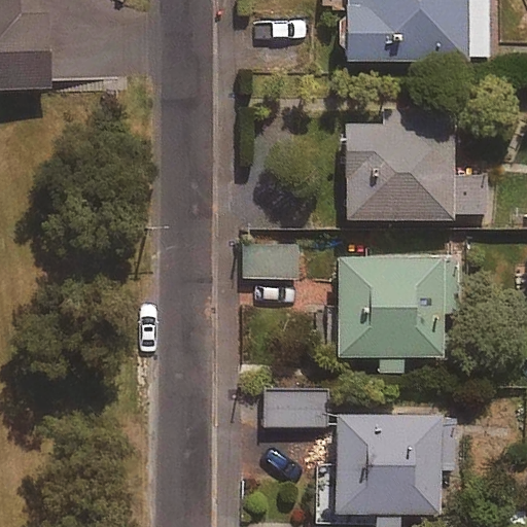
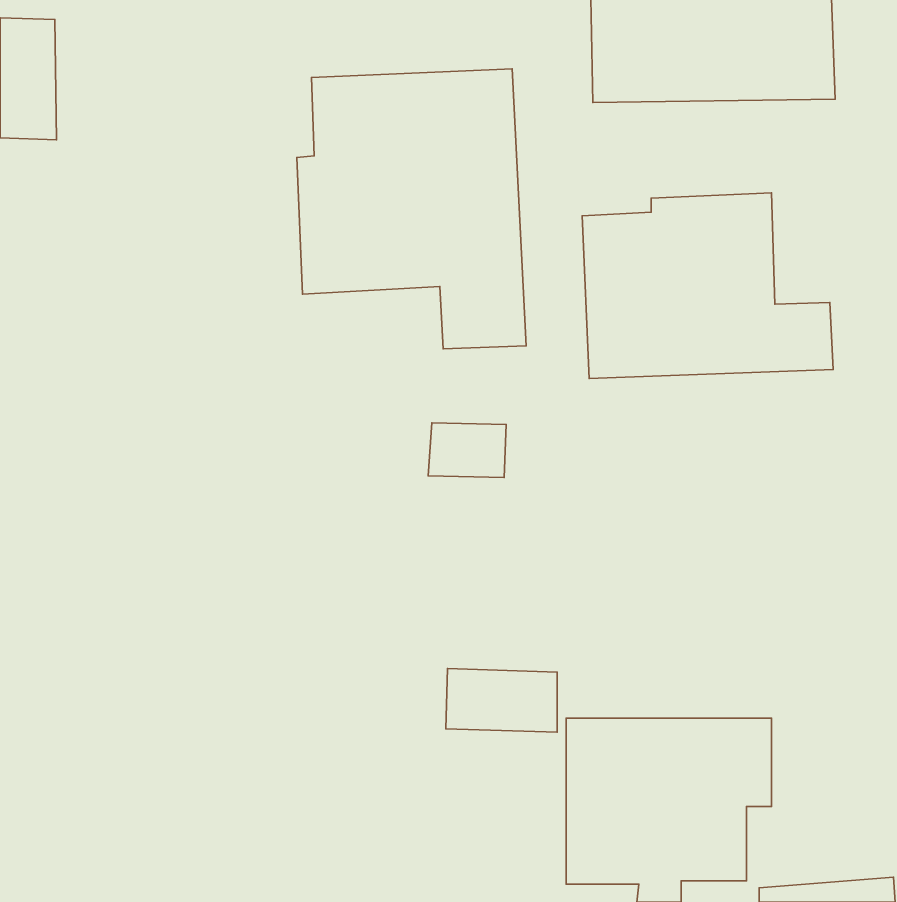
building: none -> [297,69,526,349]
building: [337,253,459,373] -> none

